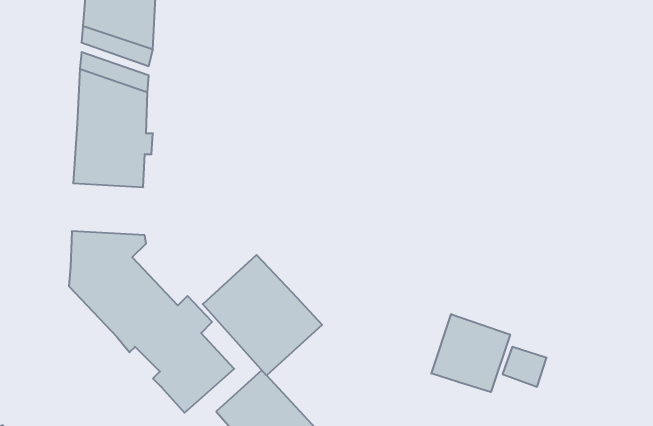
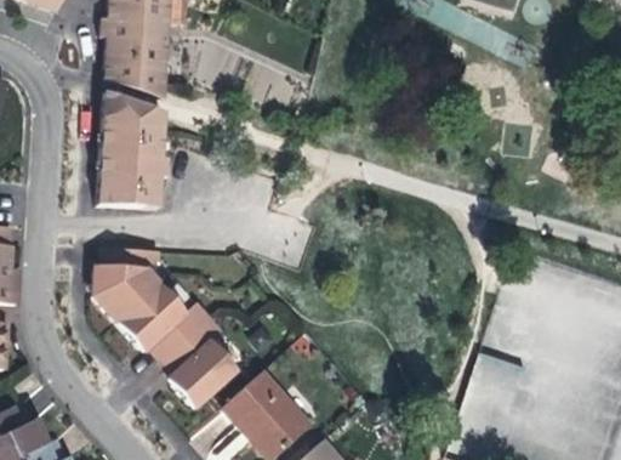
building: [203,255,322,375] -> none
building: [431,314,510,392] -> none

